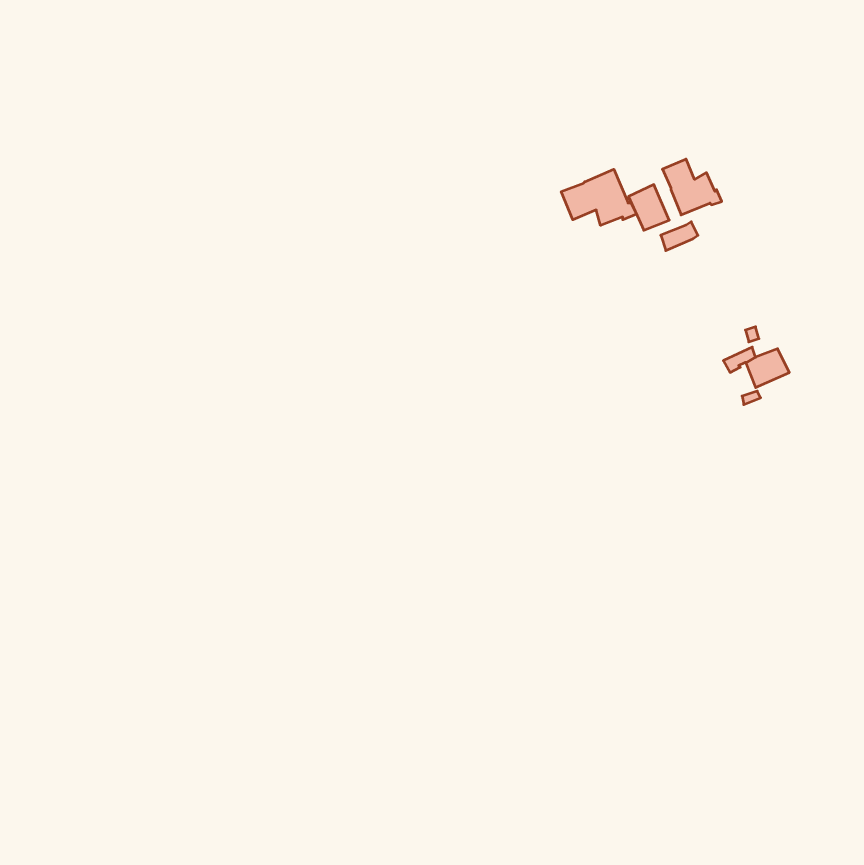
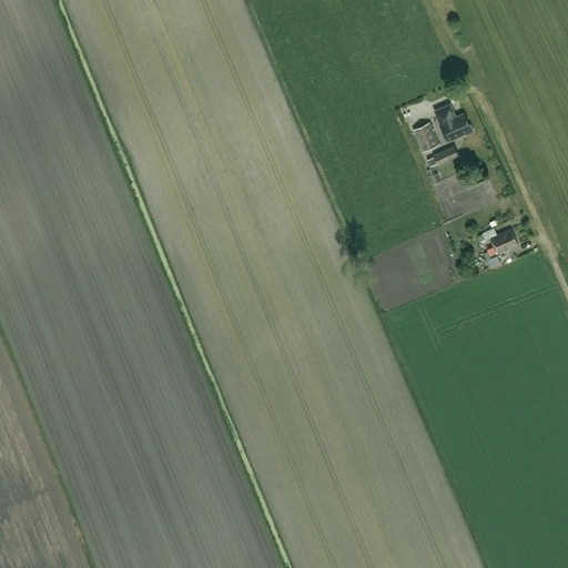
building: [561,169,637,225] -> none

